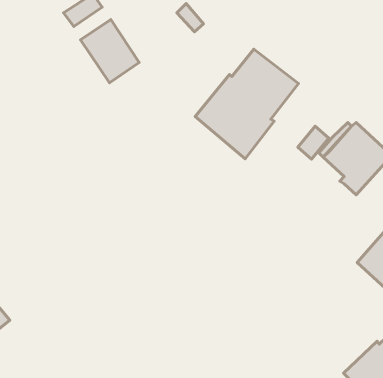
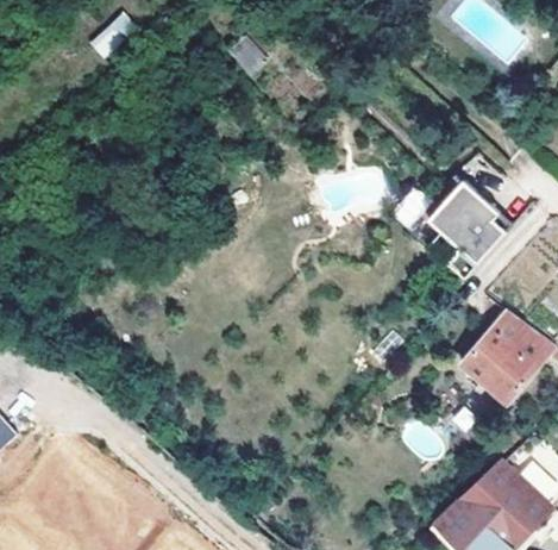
building: [80,20,139,83] -> none
building: [195,49,299,159] -> none

